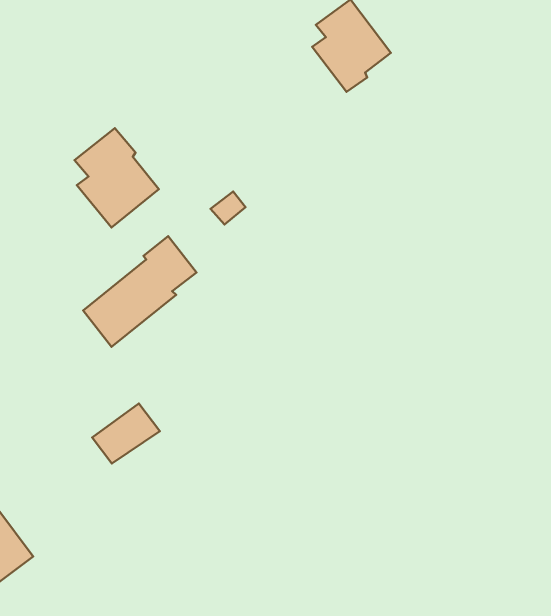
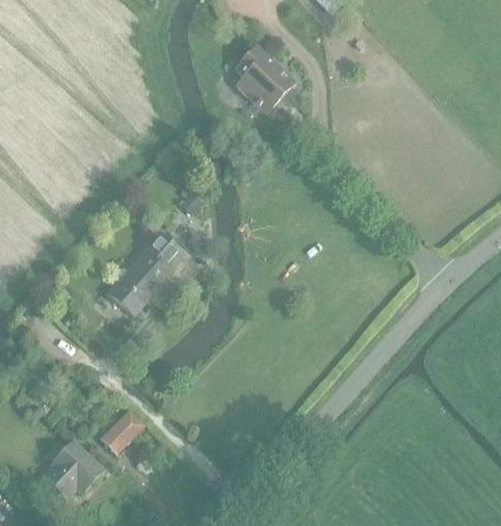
building: [74,128,159,227] -> none
building: [92,403,160,464] -> [101,409,147,453]

